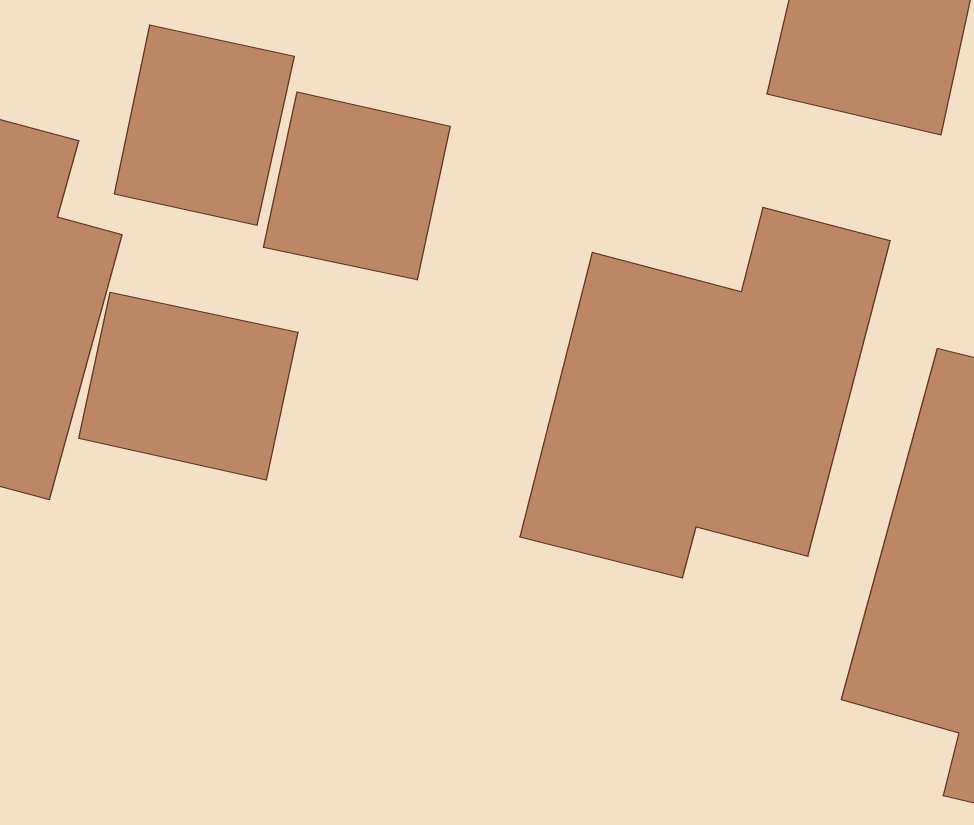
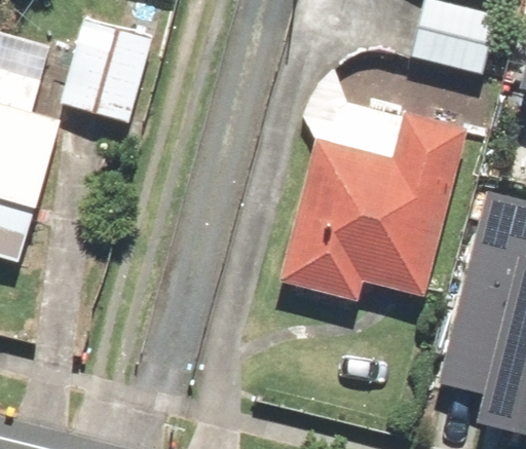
building: [263,92,450,280] -> none
building: [79,292,298,480] -> none

